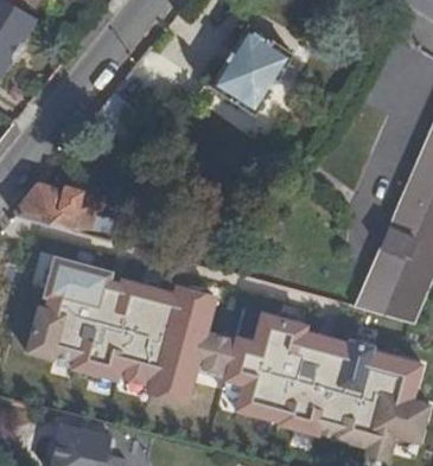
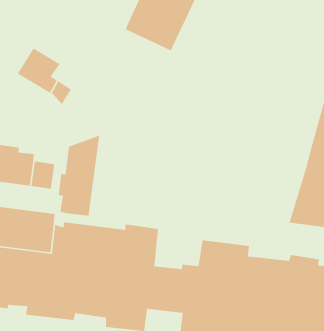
building: none -> [58,134,100,217]

